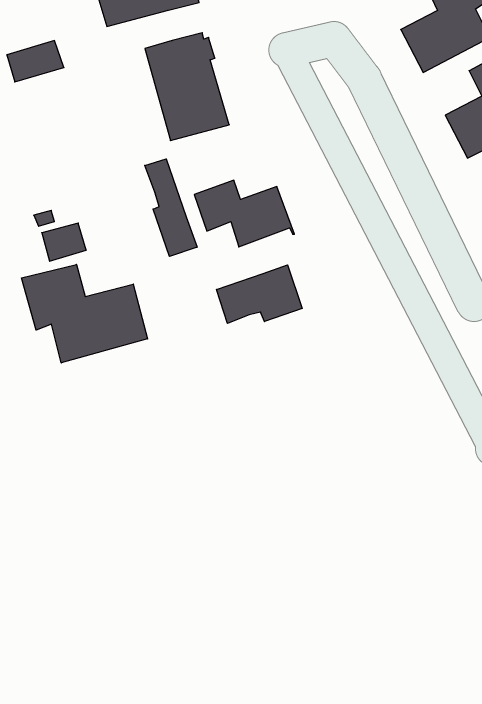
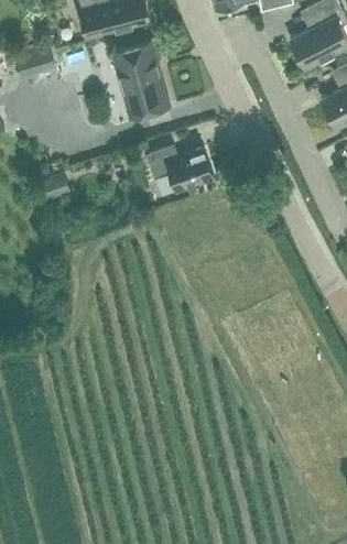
building: [145,159,197,256] -> none
building: [22,264,148,363] -> none
building: [217,265,302,323] -> none

